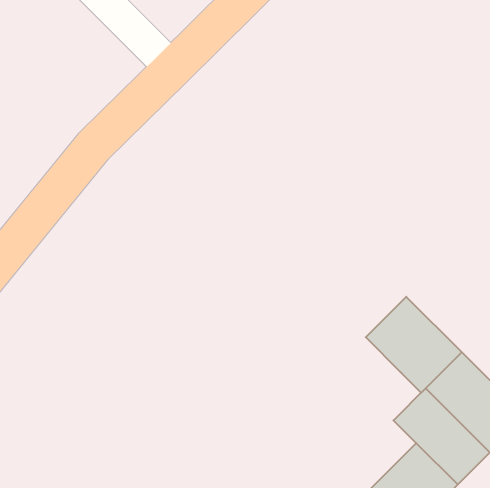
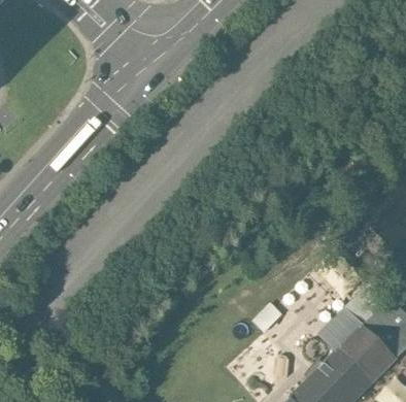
building: [366,297,462,393] -> none

